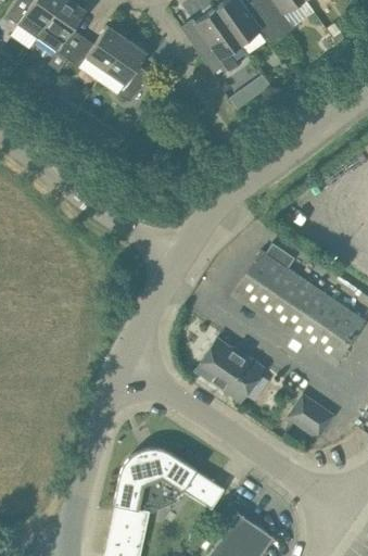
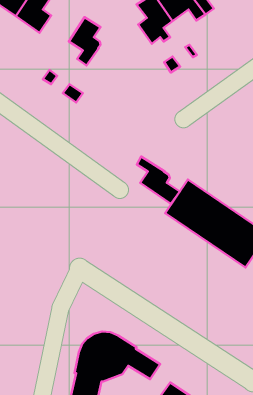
building: [68,25,127,71] -> none
building: none -> [137,157,180,204]
building: [196,339,263,400] -> none
building: [285,392,335,440] -> none

